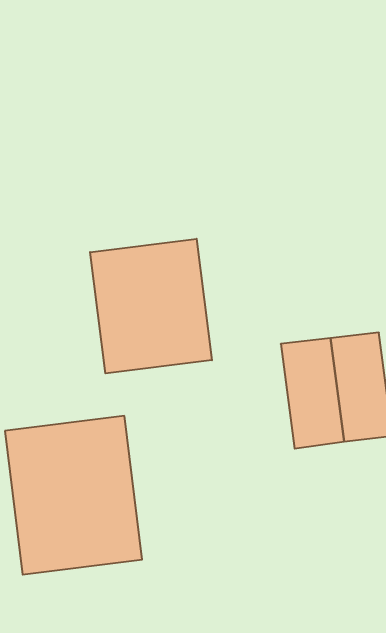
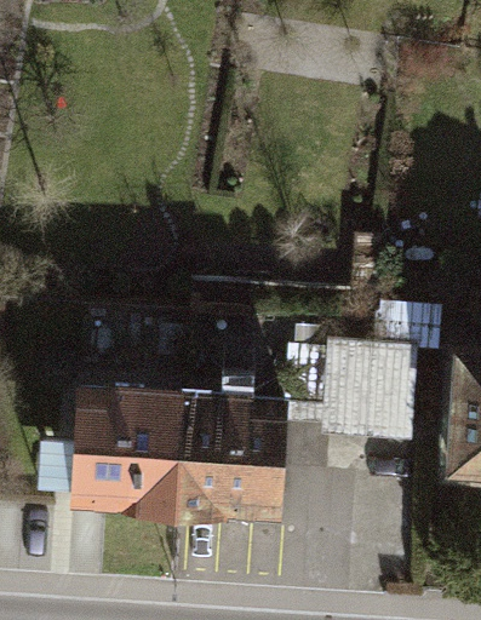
building: [90,239,212,373] -> none
building: none -> [176,386,290,521]

